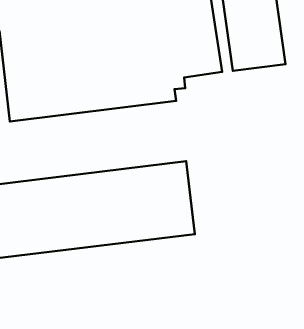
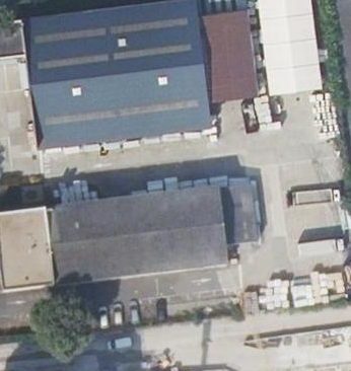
building: none -> [222,184,260,247]

